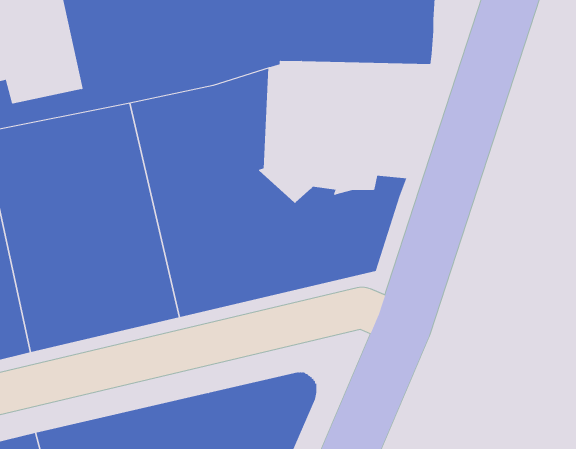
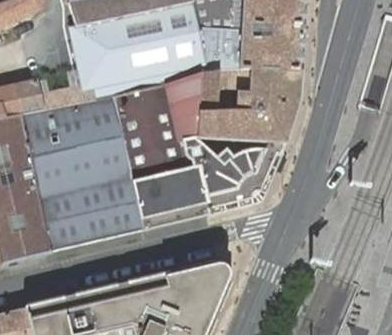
building: none -> [196,69,300,142]

